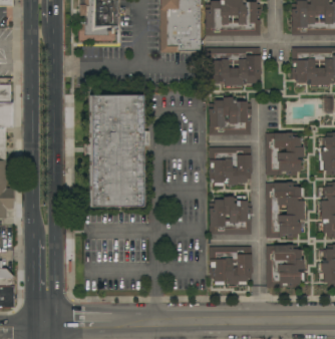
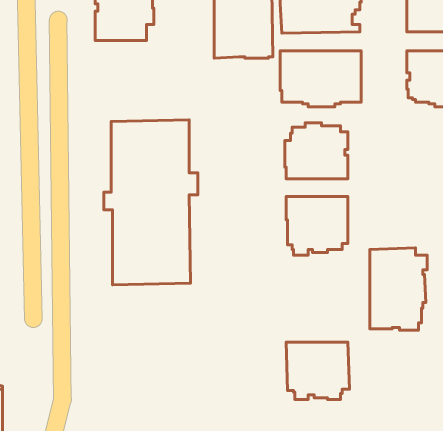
building: [266,133,304,176] -> none
building: [210,196,252,235] -> none
building: [267,246,306,288] -> none

